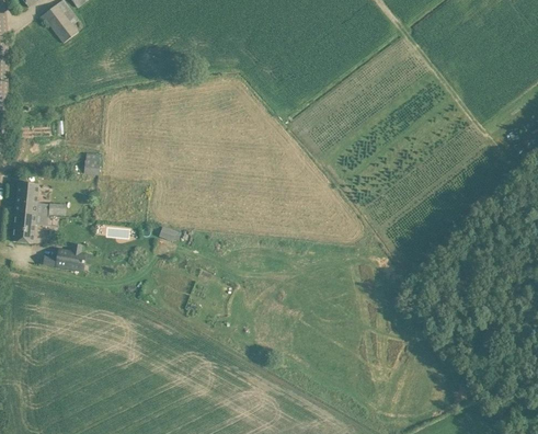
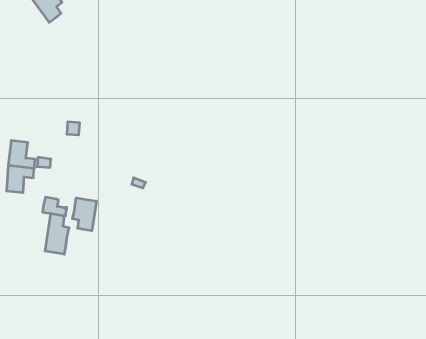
building: none -> [72,198,96,231]
building: none -> [45,213,69,254]

